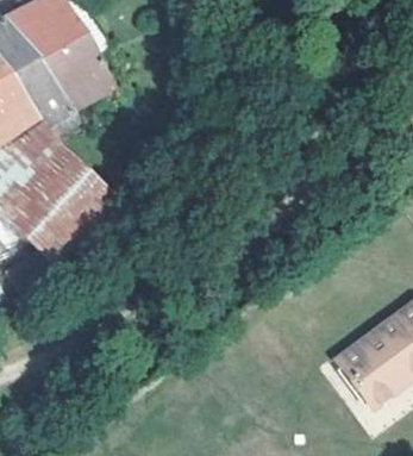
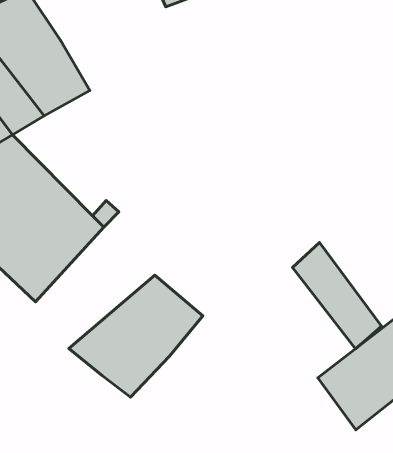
building: none -> [292,242,382,349]
building: none -> [69,275,203,397]

